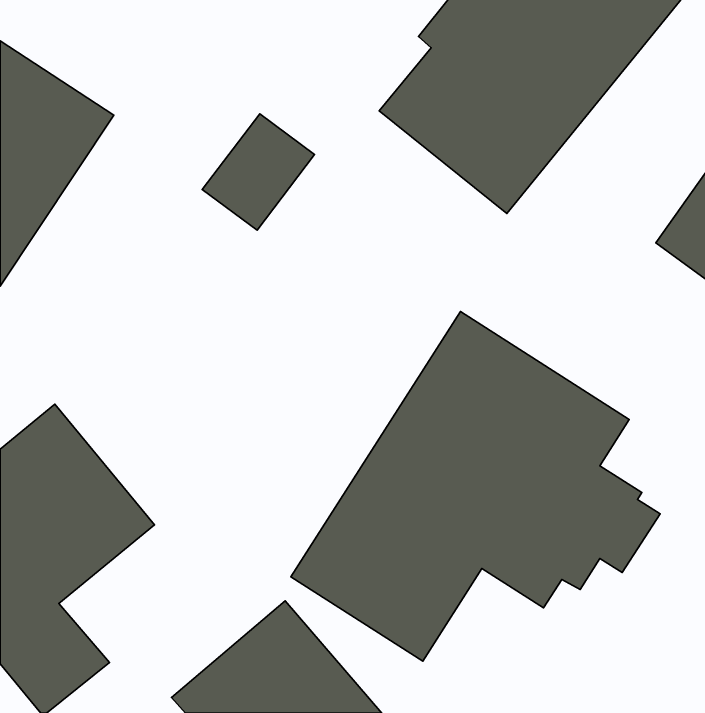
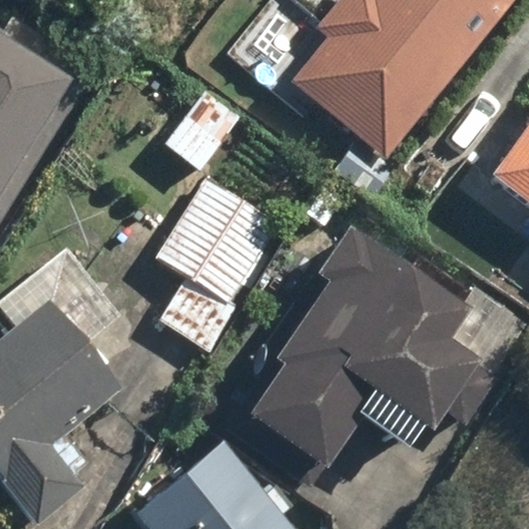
building: none -> [154,176,275,348]

